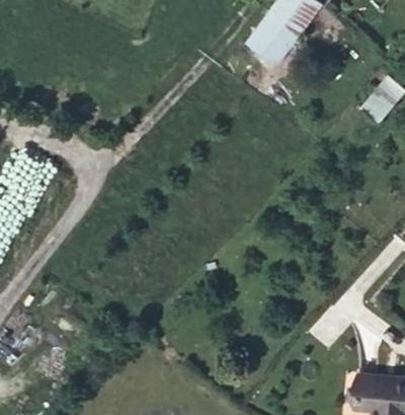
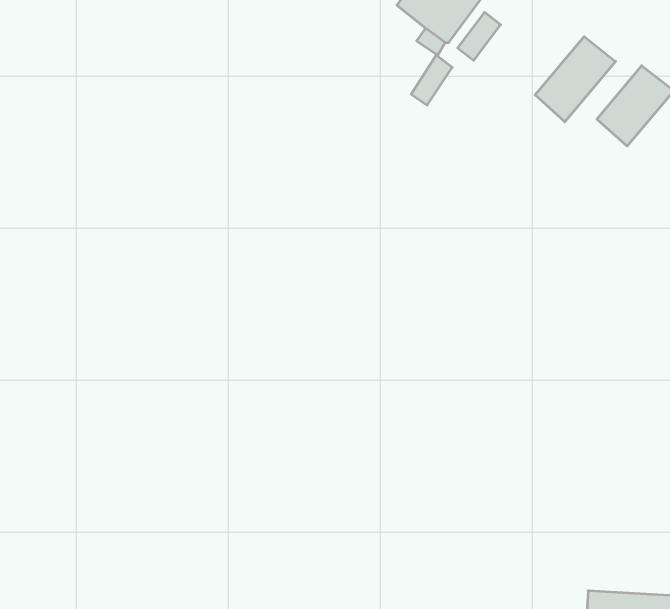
building: none -> [535,37,616,122]

